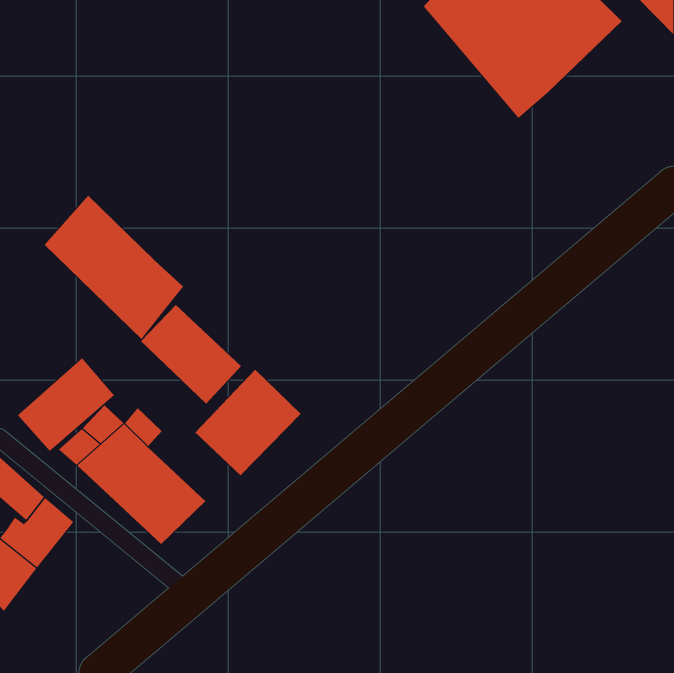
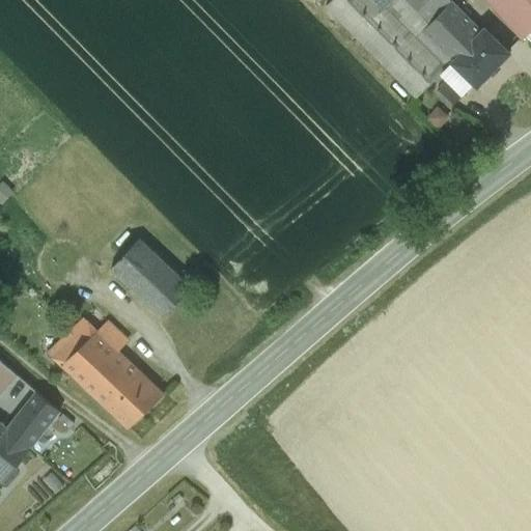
building: none -> [430,17,520,104]
building: [44,195,184,340] -> none
building: [17,357,115,452] -> none
building: [194,369,302,476] -> none

